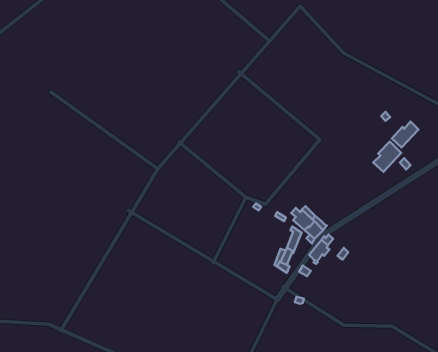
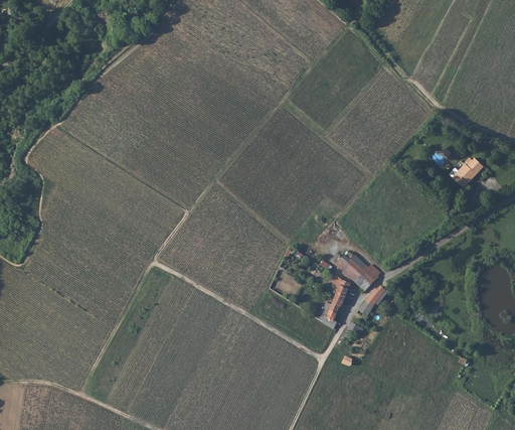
building: [373,142,401,172] -> none

